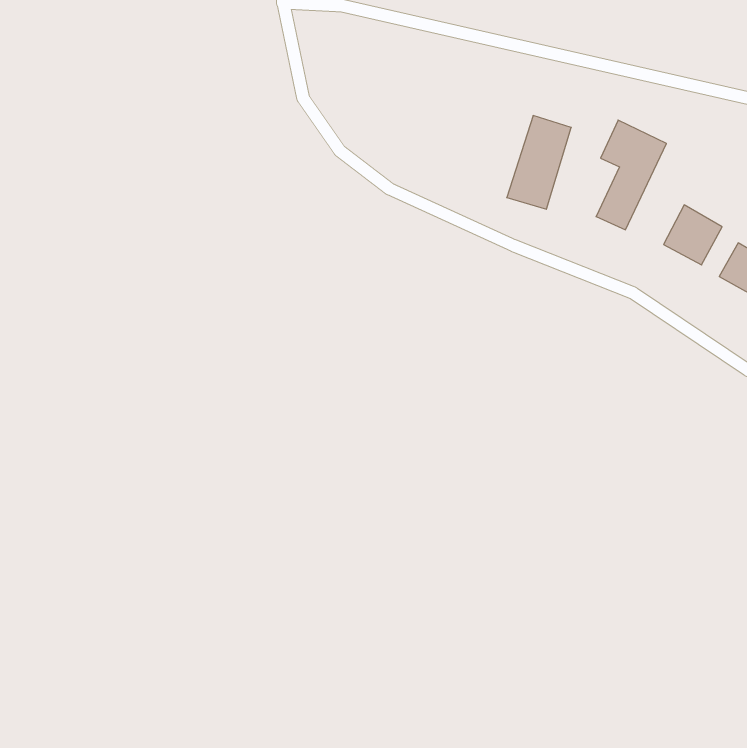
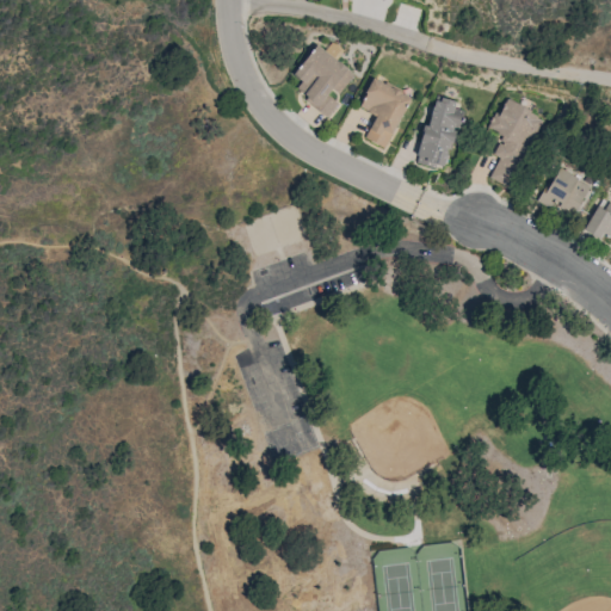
building: none -> [295,43,357,116]
building: none -> [359,76,413,148]

